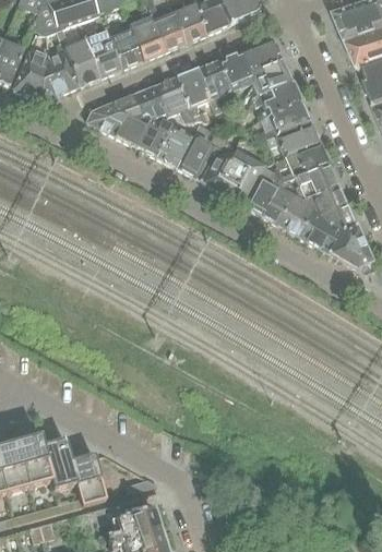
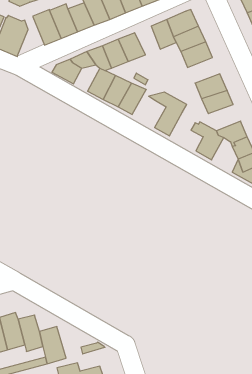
building: [43,45,79,97] -> none
building: [198,57,231,95] -> none
building: [267,98,310,132] -> none
building: [117,108,152,143] -> none
building: [200,149,239,191] -> none
building: [295,160,337,195] -> none
building: [243,170,288,221] -> none
building: [299,204,334,250] -> none

